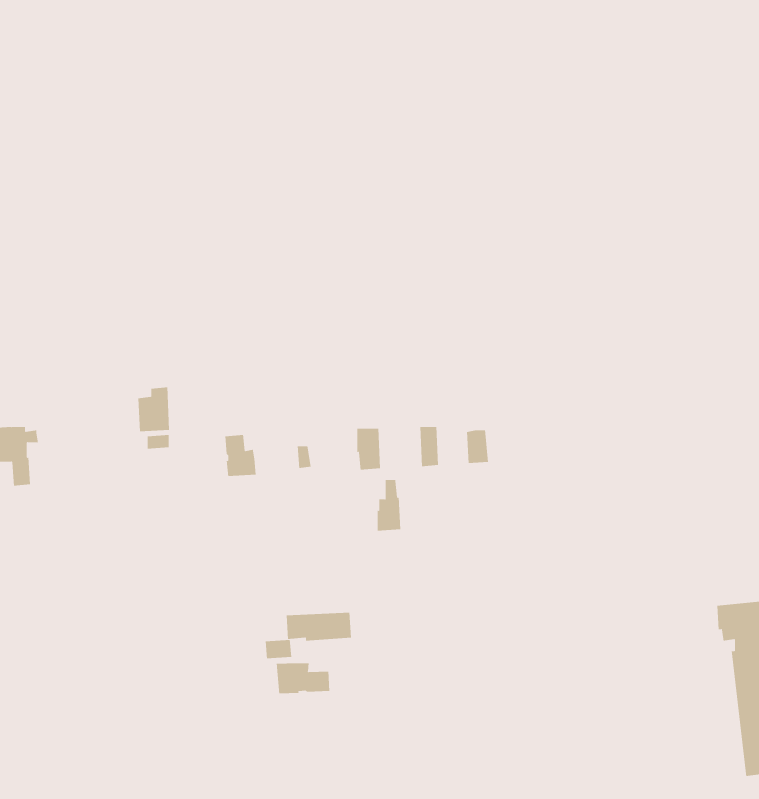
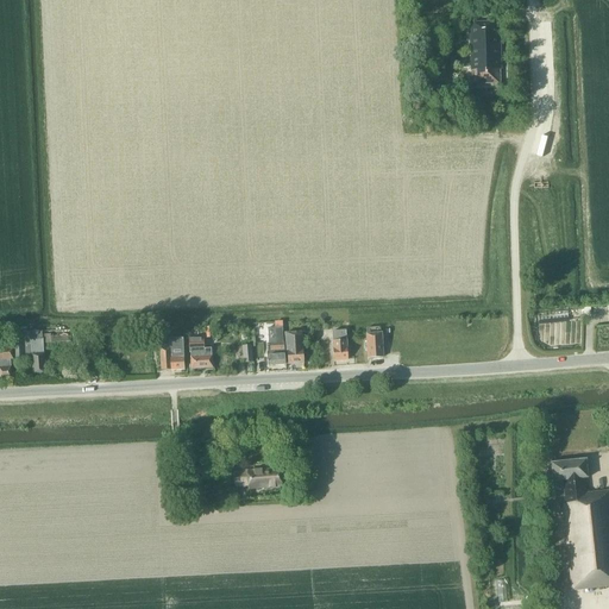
building: none -> [471,21,501,82]
building: [138,387,170,432] -> [161,335,184,369]
building: [377,480,401,531] -> [269,326,287,364]
building: [276,663,330,694] -> none

